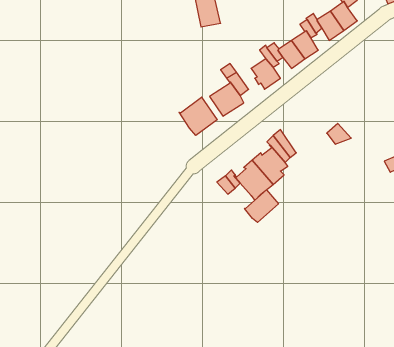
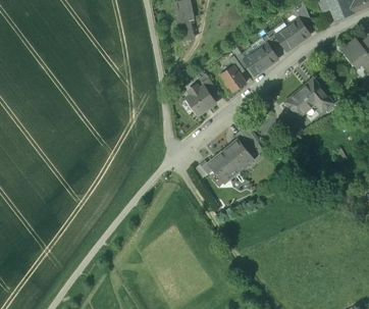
building: none -> [284,78,333,118]
building: [179,97,217,135] -> none
building: [245,190,278,222] -> none

